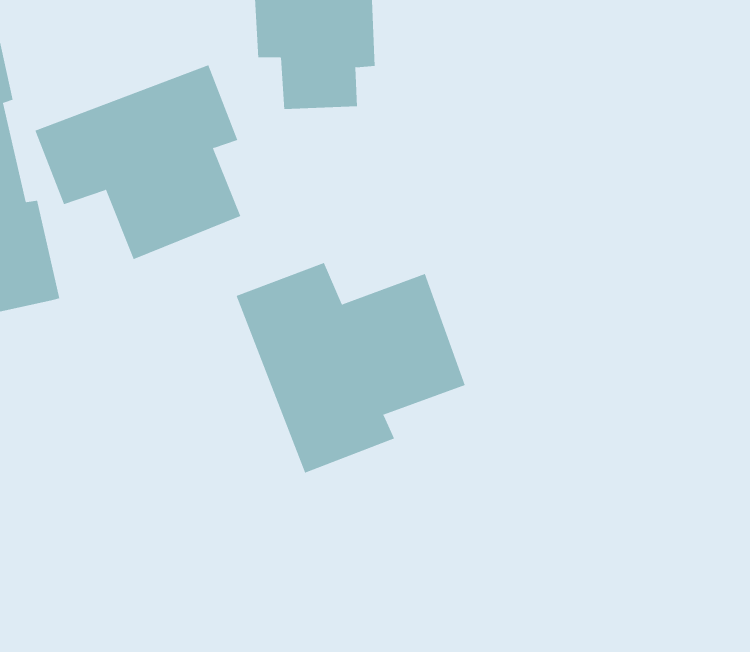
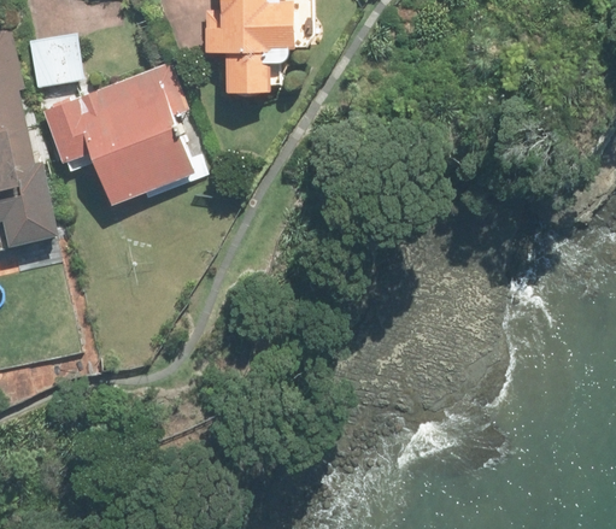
building: none -> [28,34,80,87]
building: [236,262,466,473] -> none

